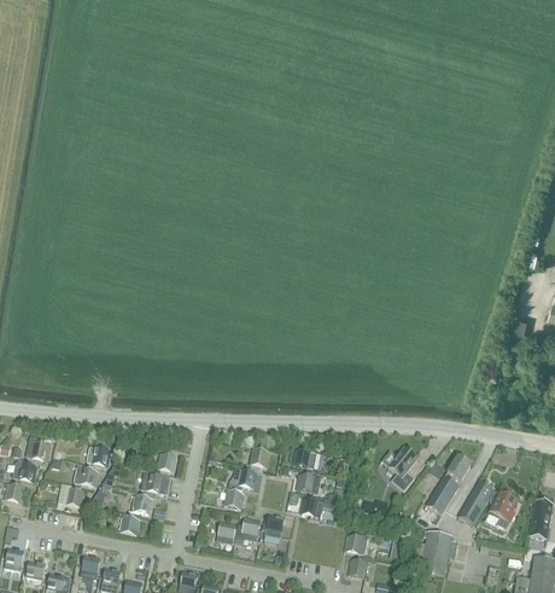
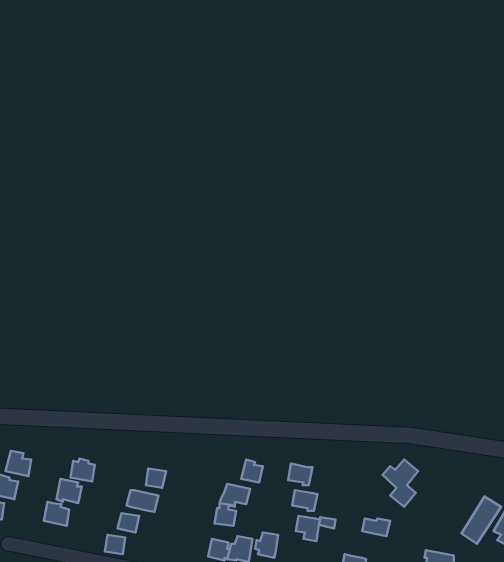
building: [425,455,471,513] -> none

